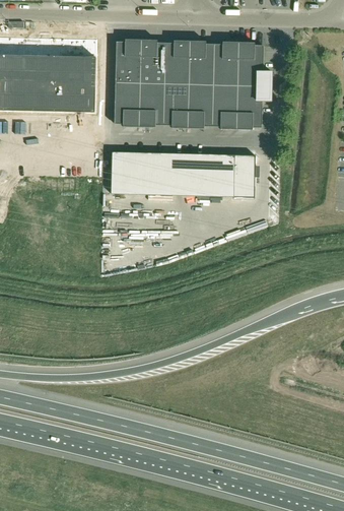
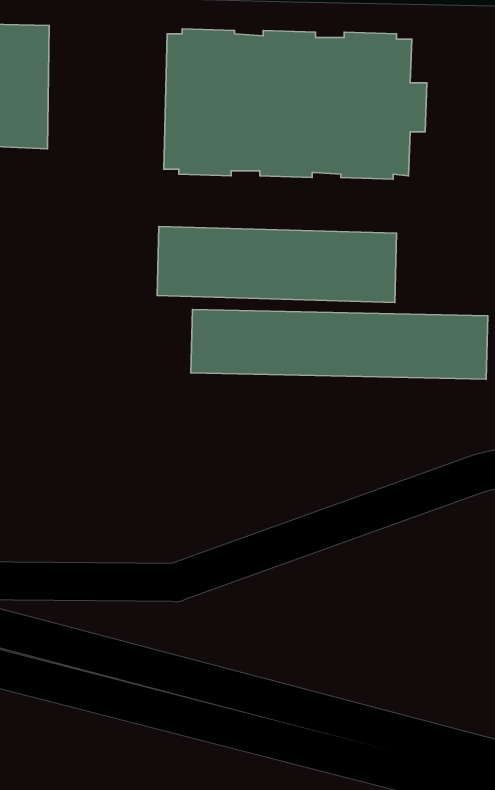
building: [44,36,96,111] -> none
building: none -> [191,310,488,379]

